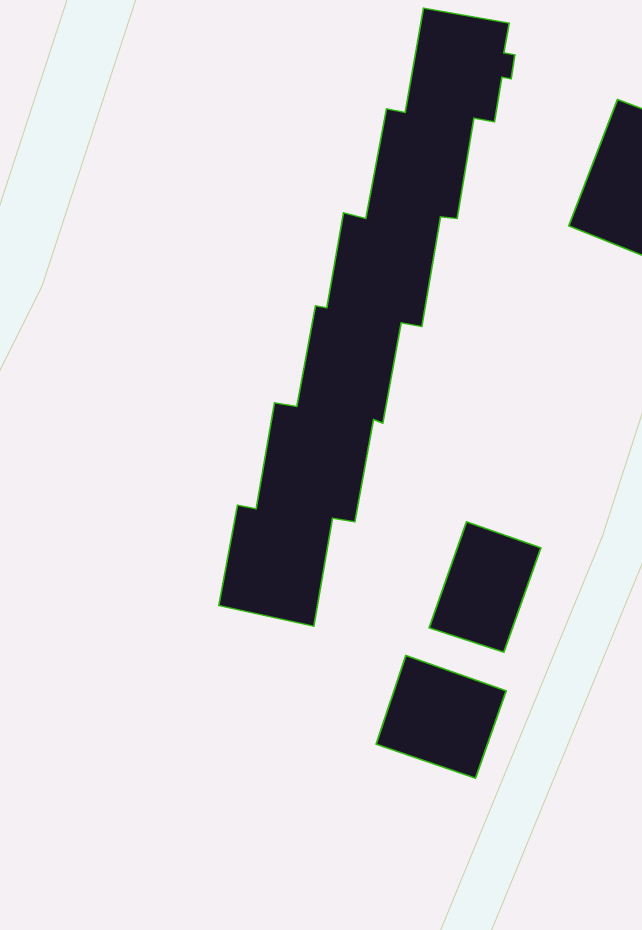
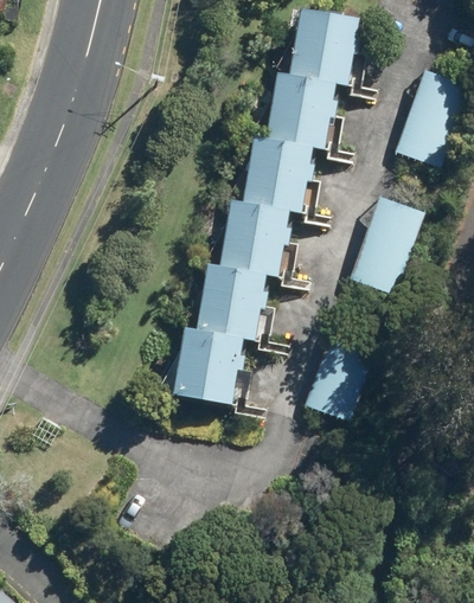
building: none -> [350,195,427,295]
building: [376,656,506,778] -> none

